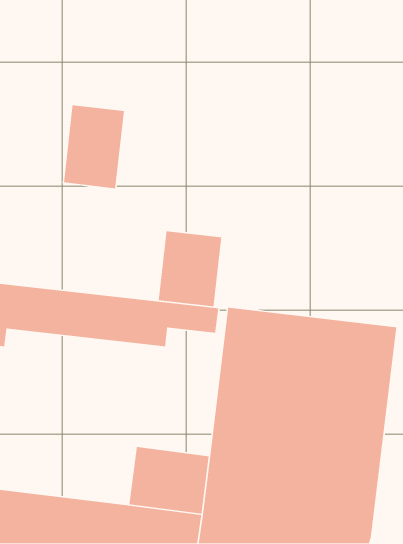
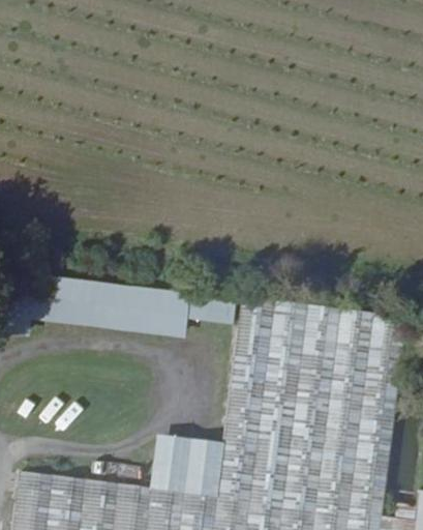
building: [63,104,125,189] -> none
building: [158,230,222,307] -> none

